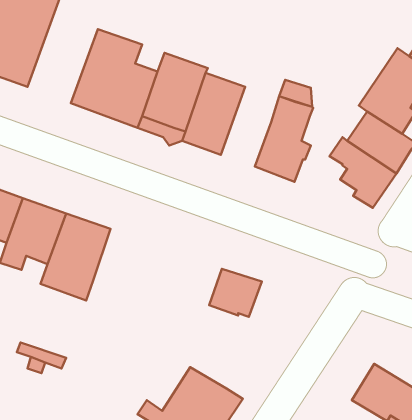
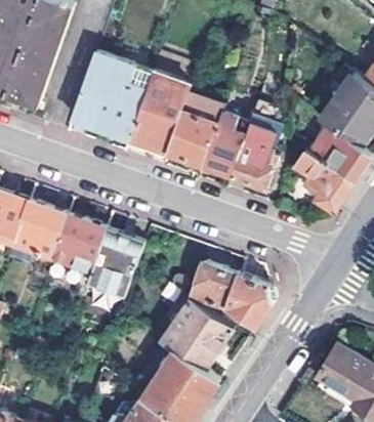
building: none -> [202,124,246,174]
building: none -> [84,228,143,305]
building: none -> [226,275,274,325]
building: none -> [162,299,235,368]

